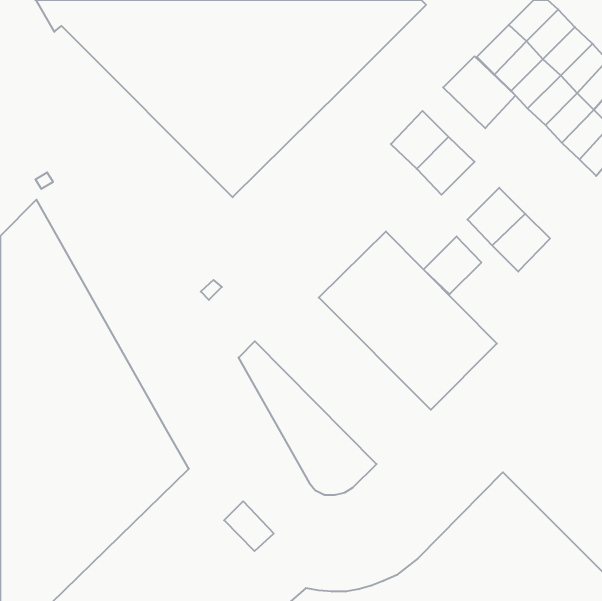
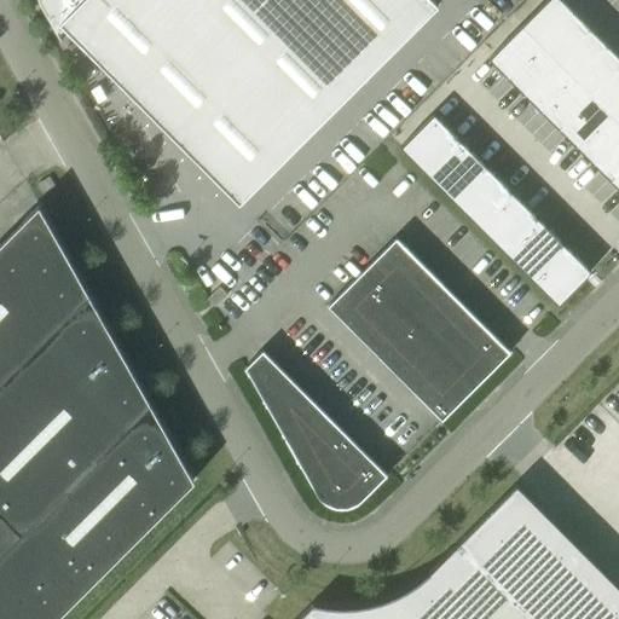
building: [443,56,515,128] -> none
building: [424,236,481,294] -> [453,168,513,227]
building: none -> [532,247,591,306]
building: [224,501,274,551] -> none

